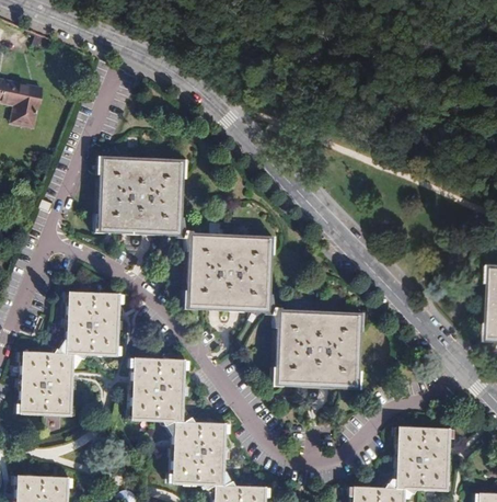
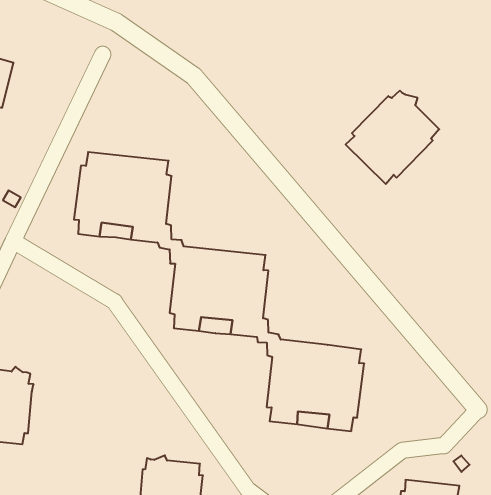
building: none -> [346,91,439,184]
building: [66,292,119,358] -> none
building: [131,358,185,425] -> none

